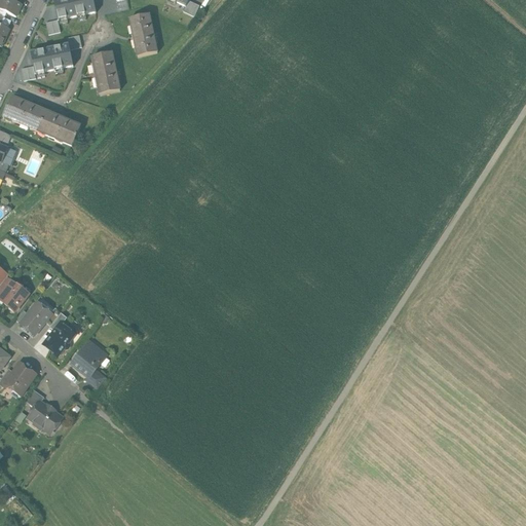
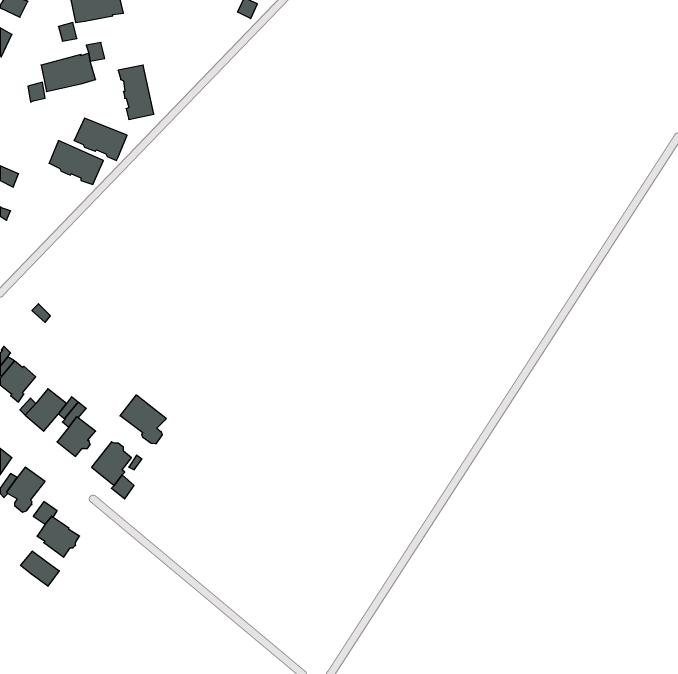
building: [128,12,156,54] -> none
building: [4,96,45,128] -> [74,118,127,160]
building: none -> [120,395,166,444]
building: none -> [21,551,59,586]

